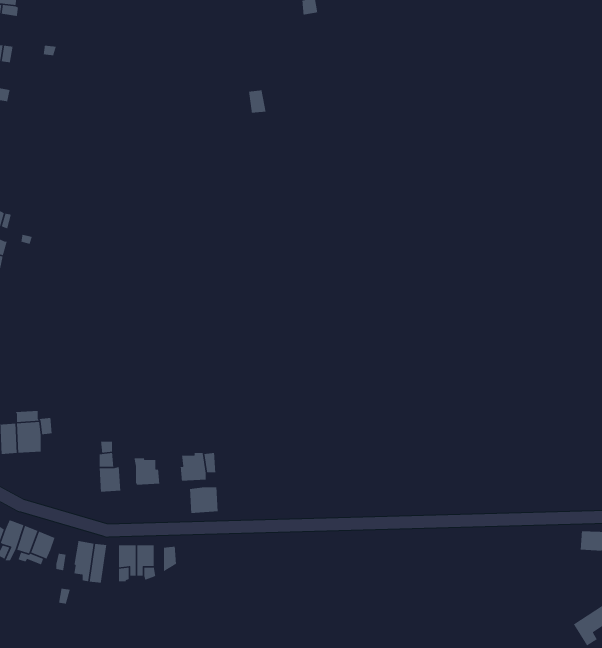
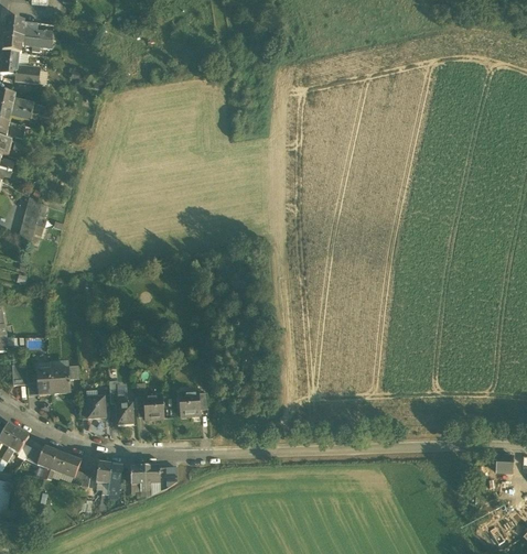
building: none -> [85,389,106,417]
building: [189,486,219,514] -> none

